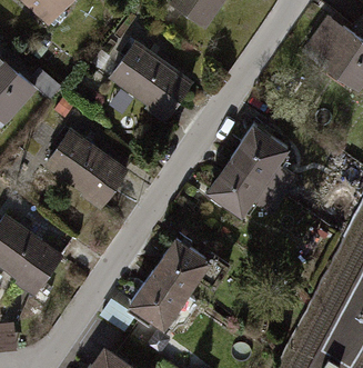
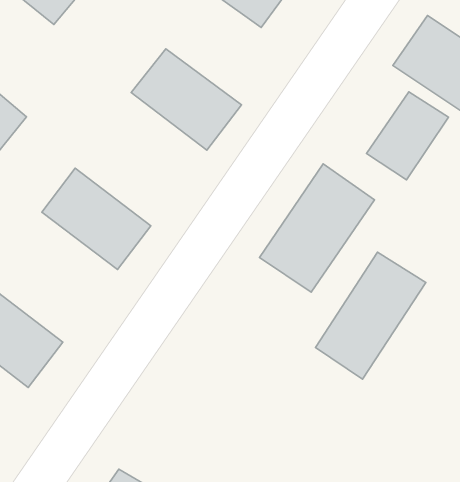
building: none -> [366,92,449,180]
building: [125,239,206,332] -> [315,252,426,379]

